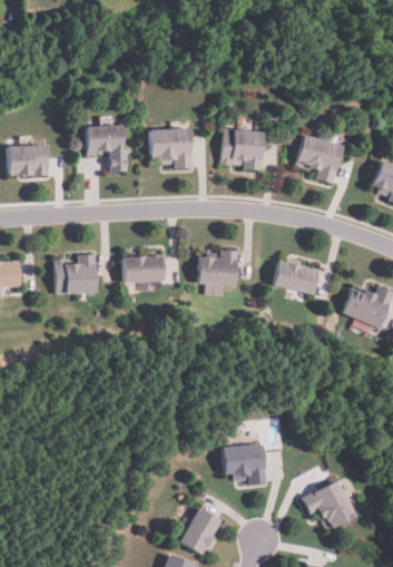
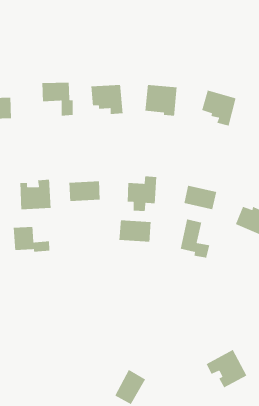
building: none -> [180,219,210,259]
building: none -> [118,220,152,243]
building: none -> [13,226,50,253]
building: [223,442,266,482] -> none

